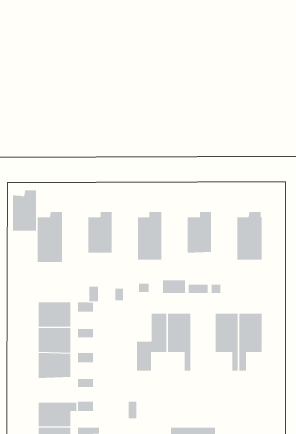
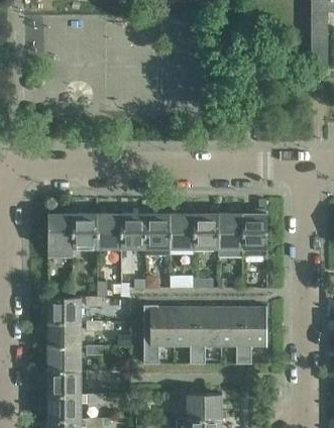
building: [12,190,37,231] -> [72,209,96,249]
building: none -> [120,209,144,249]
building: none -> [169,209,193,249]
building: none -> [216,209,241,256]
building: none -> [197,308,220,364]
building: none -> [47,370,80,395]
building: none -> [186,394,226,419]

